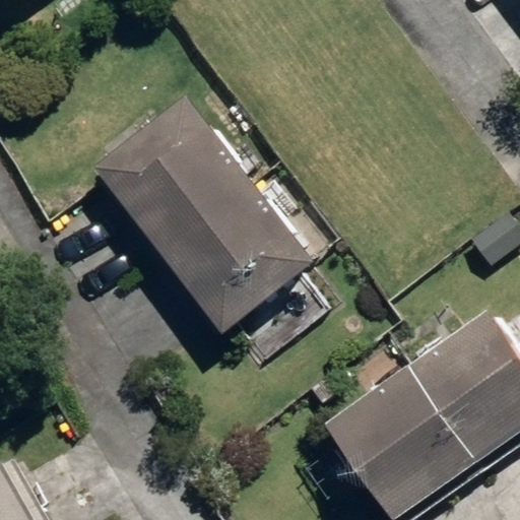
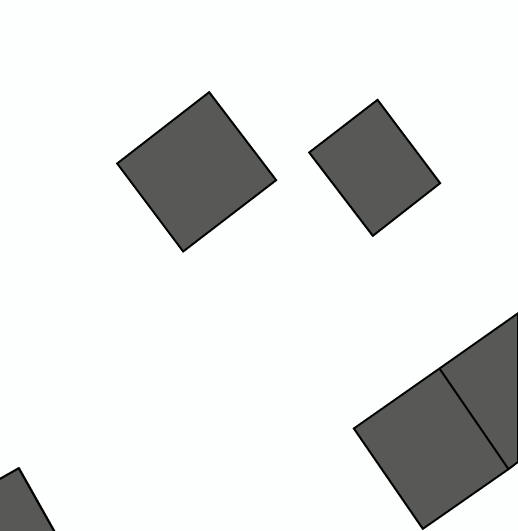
building: none -> [309,100,440,236]
building: [178,179,329,327] -> none

